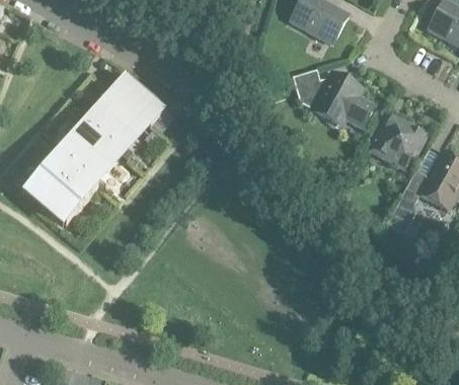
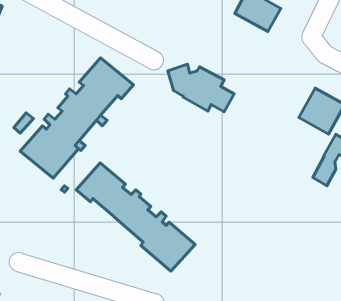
building: [292,68,374,127] -> [168,64,234,112]
building: none -> [76,163,195,271]

